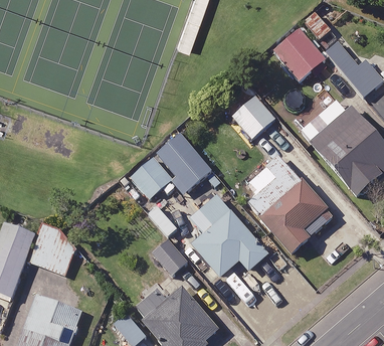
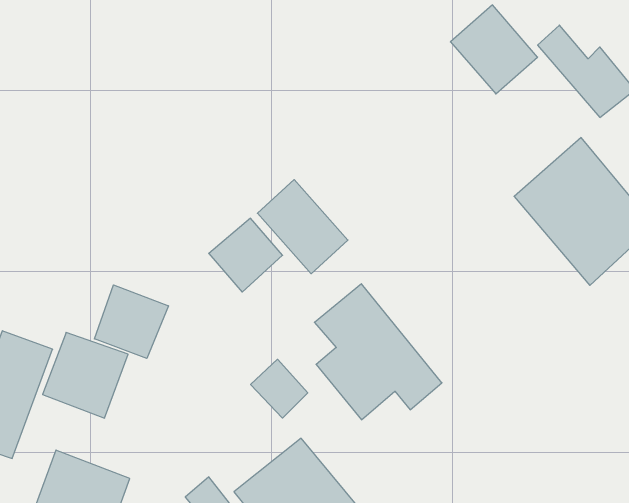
building: [230,95,275,139] -> none
building: [245,154,334,253] -> none
building: none -> [94,285,168,358]

